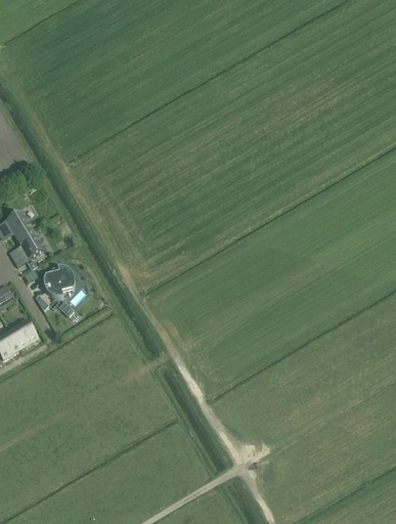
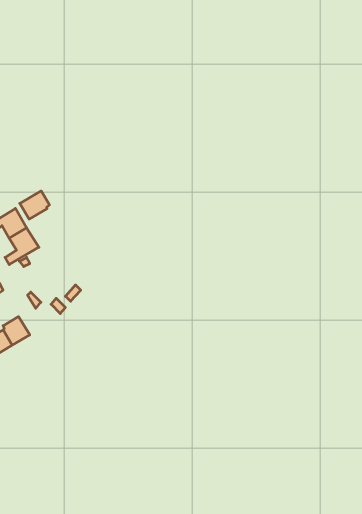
building: none -> [20,191,49,219]
building: [45,267,75,298] -> none

